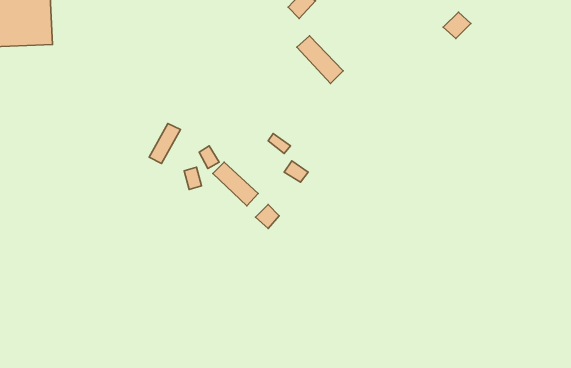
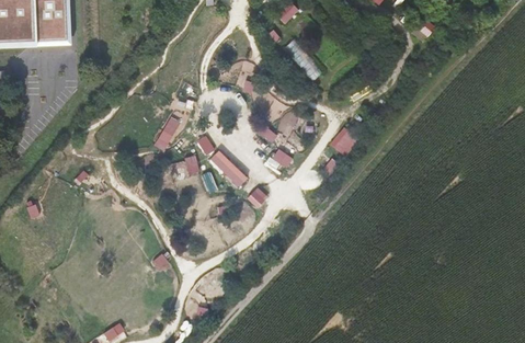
building: none -> [330,126,359,155]

